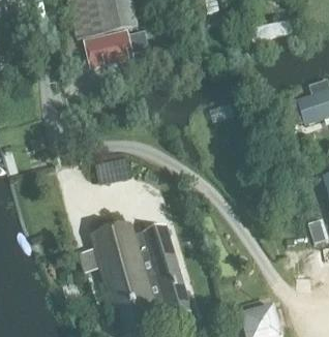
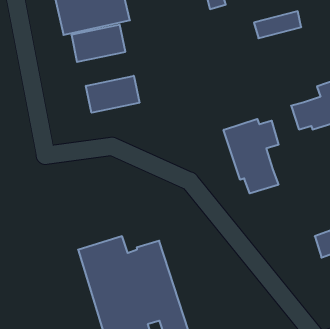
building: none -> [86,76,139,113]
building: none -> [224,119,279,193]

